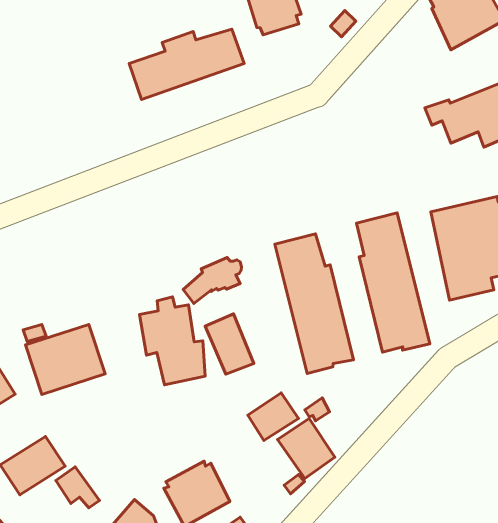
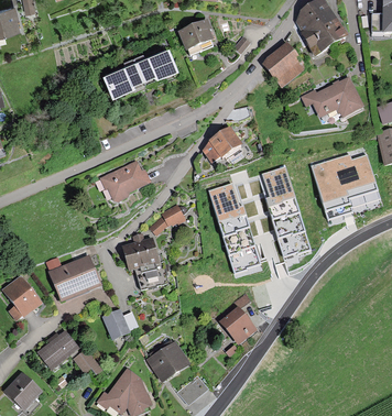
building: none -> [262,40,307,87]
building: none -> [202,127,242,164]
building: none -> [99,160,151,202]
building: [205,314,254,374] -> none
building: [248,393,298,441] -> none
building: none -> [101,308,138,340]

